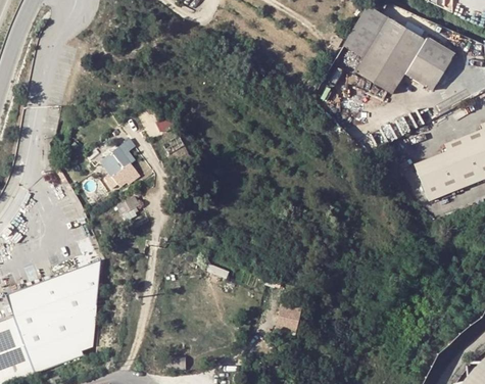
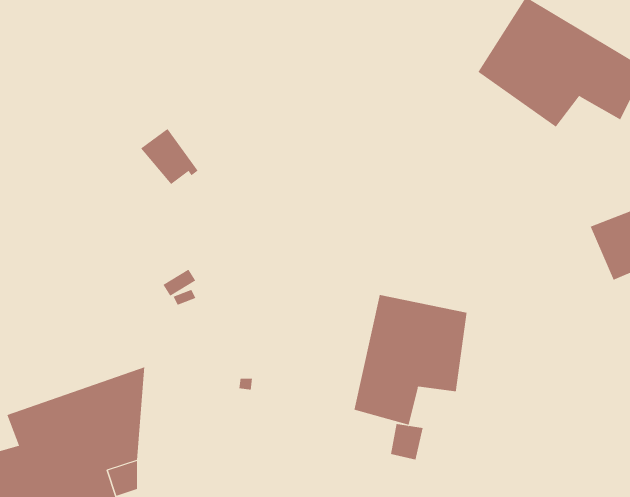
building: [96,144,137,184] -> [140,128,199,185]
building: none -> [354,294,467,426]

